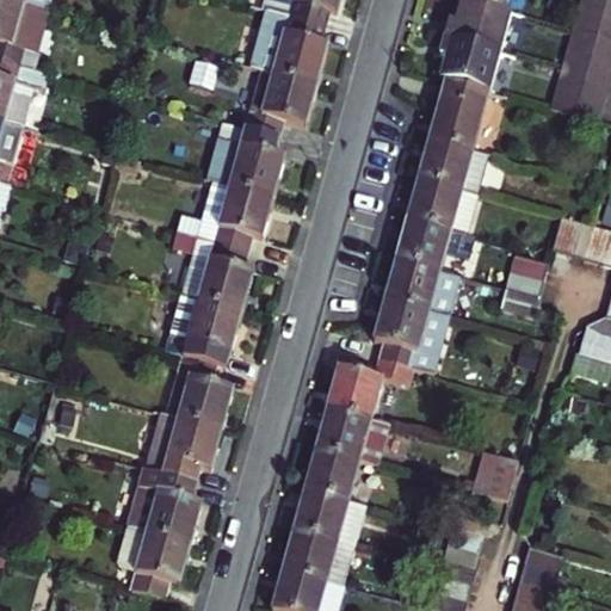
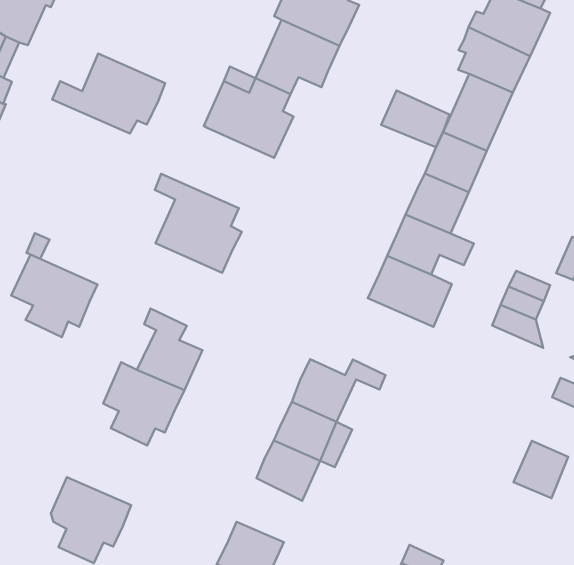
building: none -> [381,90,449,147]
building: [173,173,274,242] -> [52,53,165,134]
building: [166,286,243,358] -> [11,254,97,337]
building: [370,307,445,379] -> none
building: [471,450,518,500] -> [514,441,568,498]
building: [130,458,205,531] -> none
building: [292,488,350,543] -> none

